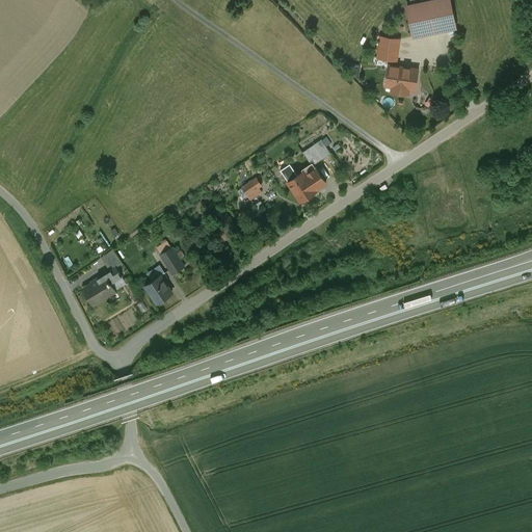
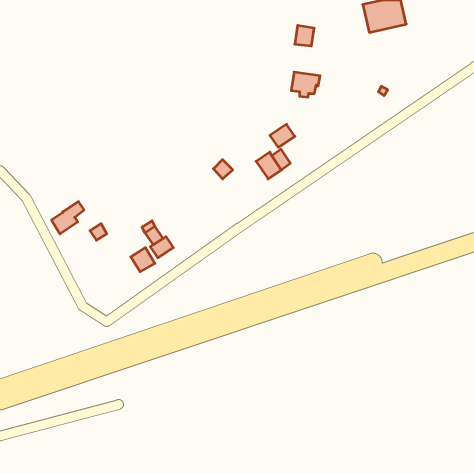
building: [377,37,399,60] -> [295,25,314,46]
building: [385,65,418,94] -> [291,72,320,97]
building: [84,269,121,305] -> [52,202,84,234]

